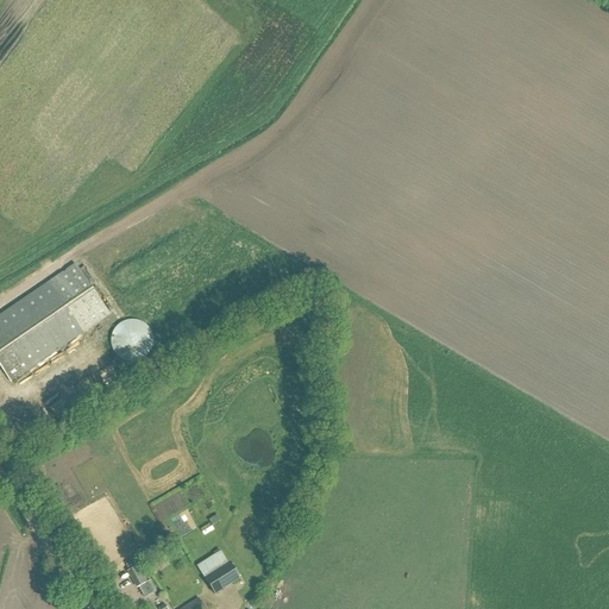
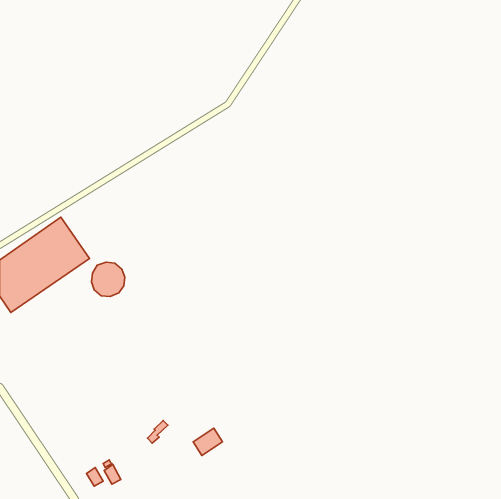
building: [203,559,239,592] -> [193,428,223,456]

